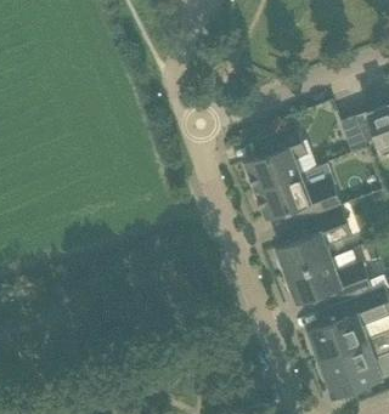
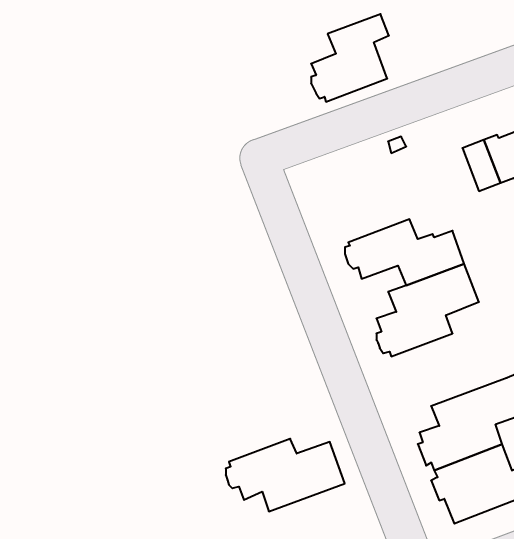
building: [247,126,304,191] -> [311,14,389,102]
building: [287,257,374,311] -> [226,439,345,511]

